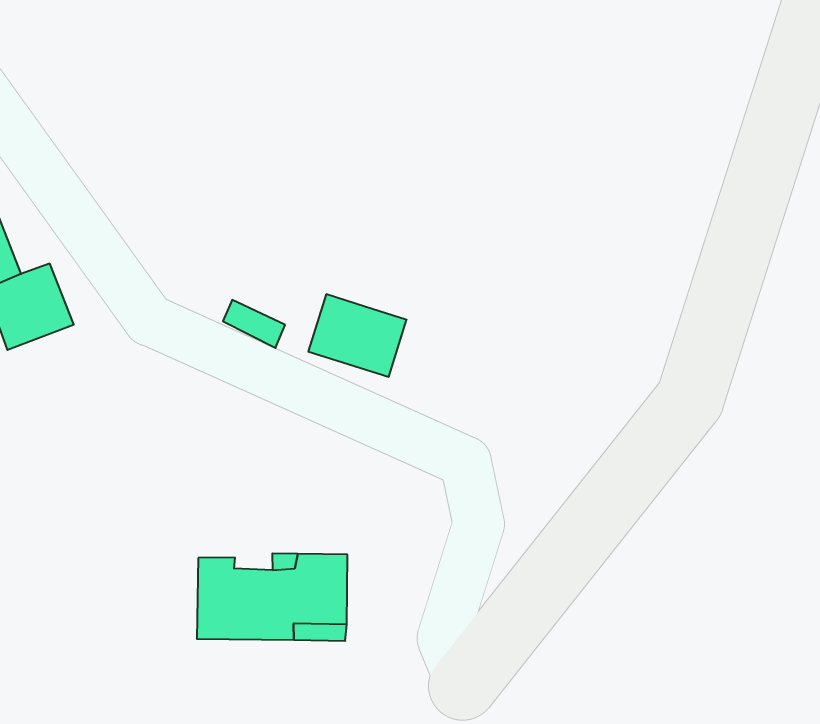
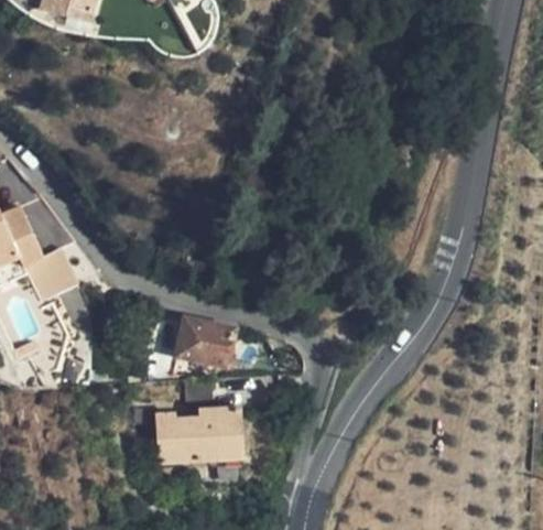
building: [308,294,407,377] -> [178,321,236,367]

